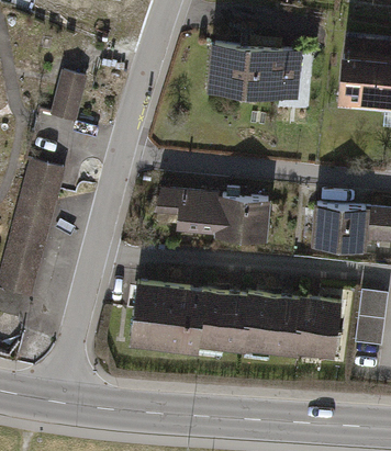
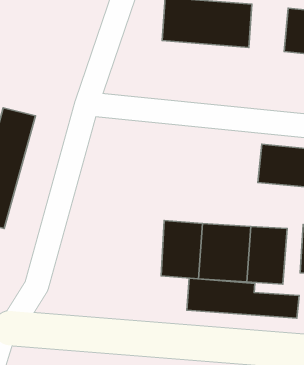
building: [51,71,86,119] -> none
building: [155,190,275,241] -> none
building: [127,282,206,348] -> none
building: none -> [187,278,299,318]

